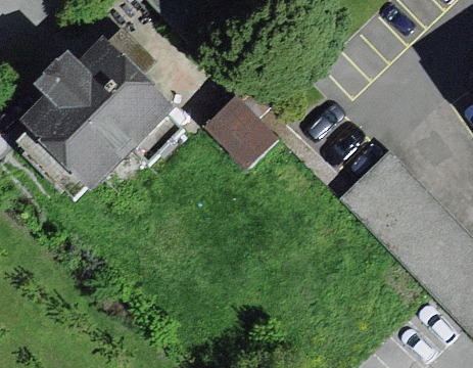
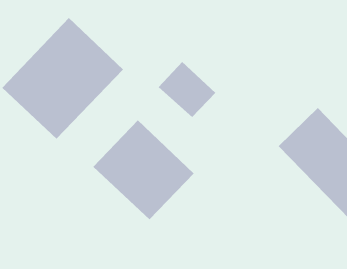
building: none -> [93,119,195,220]

